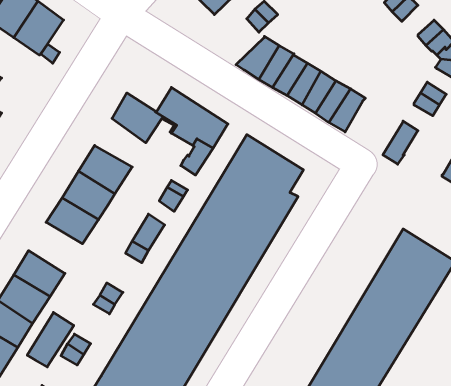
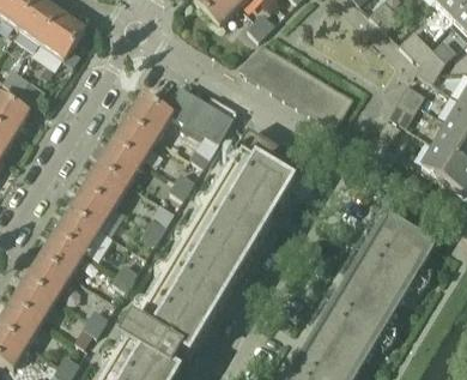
building: none -> [113,115,158,158]
building: none -> [54,207,102,253]
building: [27,312,74,367] -> none

